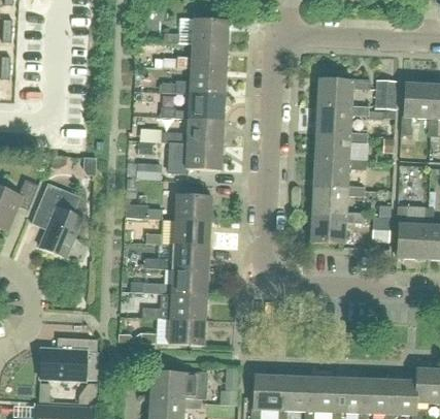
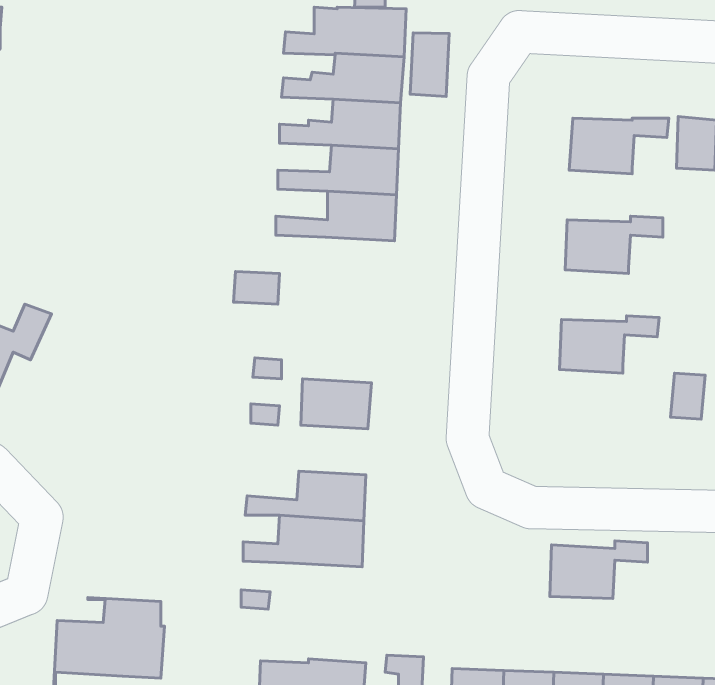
building: none -> [410,33,449,97]
building: [315,105,369,134] -> none
building: [184,142,223,170] -> none
building: [312,159,366,188] -> none
building: [34,182,82,257] -> none
building: [173,193,211,221] -> none
building: [310,212,363,243] -> [550,541,647,598]
building: [143,244,208,270] -> none
building: [167,318,205,346] -> none

